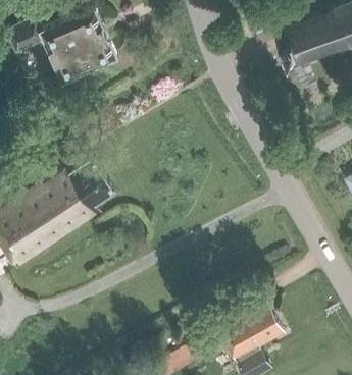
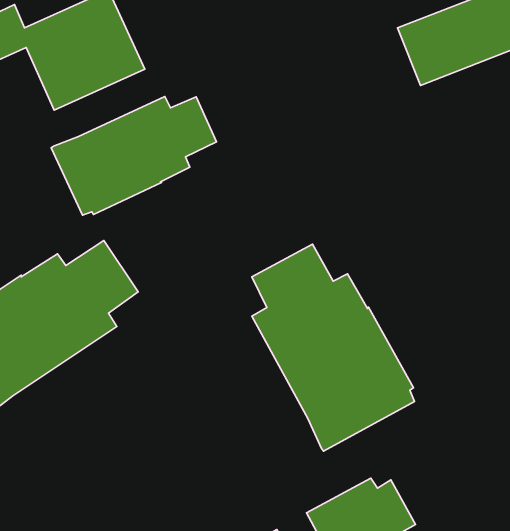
building: none -> [51,97,217,215]
building: none -> [252,244,414,451]

